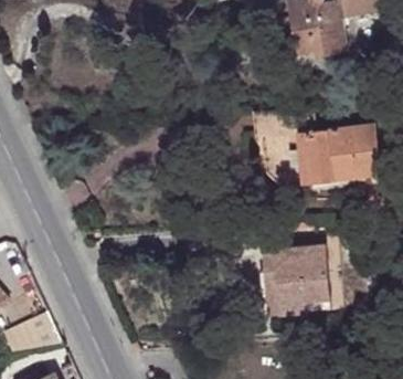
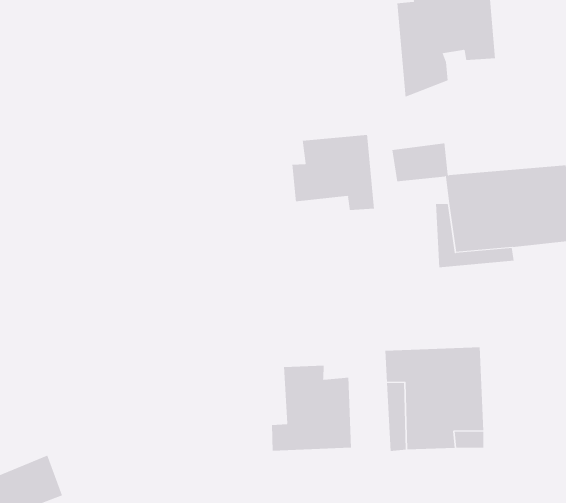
building: none -> [292,134,374,211]
building: none -> [271,365,352,452]

